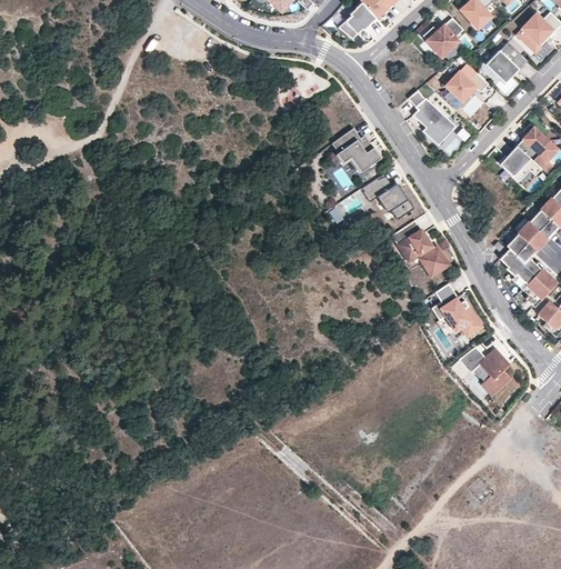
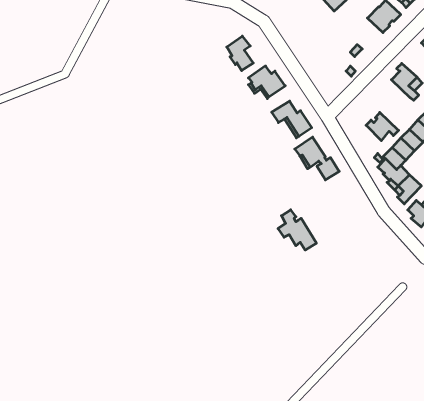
building: [447,71,490,100] -> none
building: none -> [227,36,253,71]
building: [409,90,457,144] -> none
building: [500,146,542,182] -> [366,112,399,141]
building: [432,283,482,336] -> [278,210,316,250]
building: [460,346,510,397] -> none

